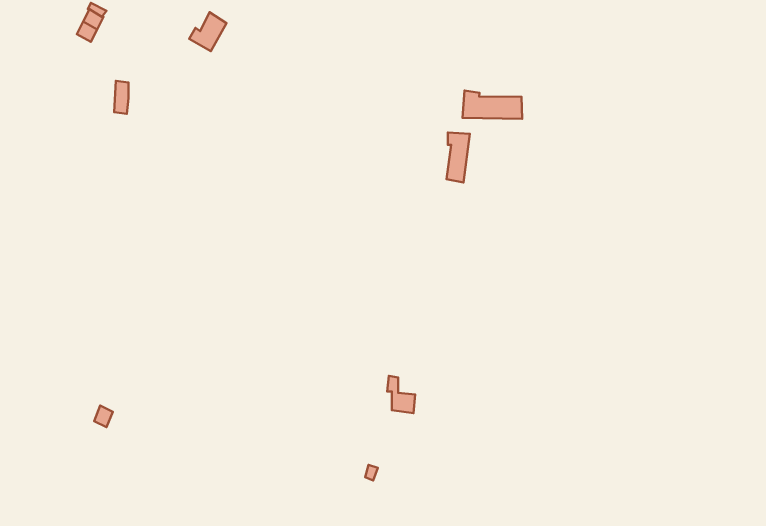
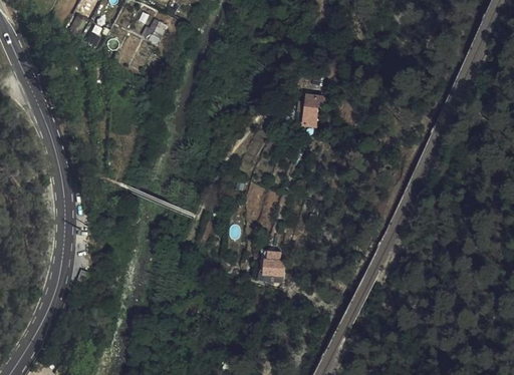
building: [463,91,522,119] -> none

